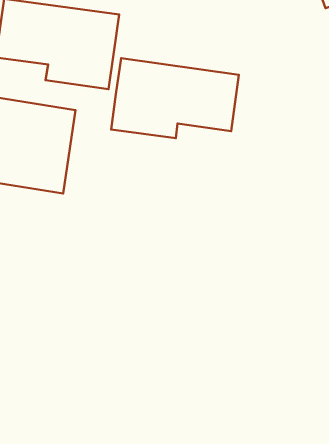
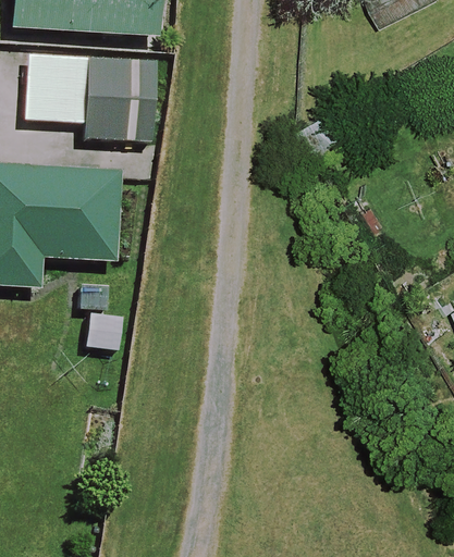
building: [111,58,239,138] -> none

